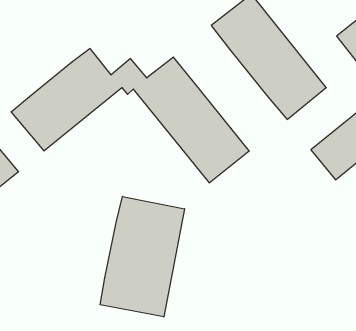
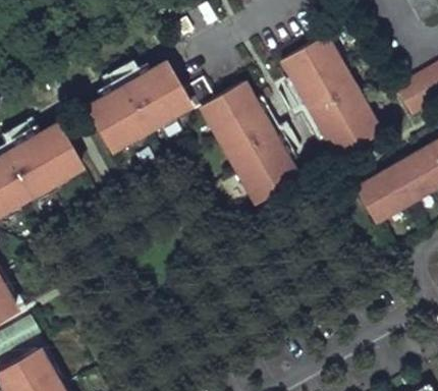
building: [100,196,185,317] -> none

